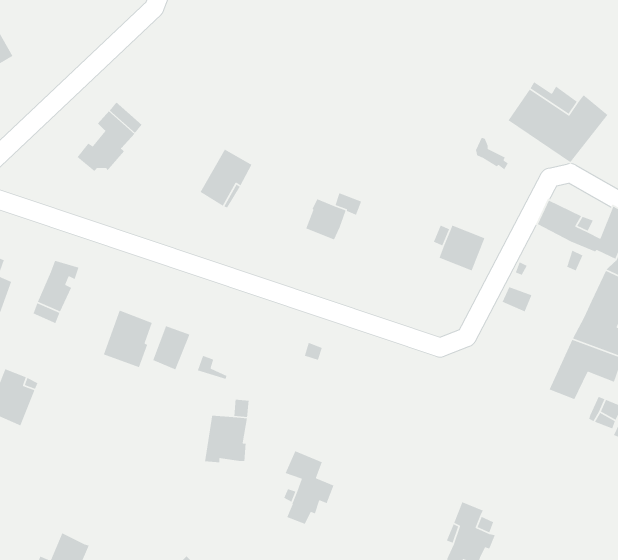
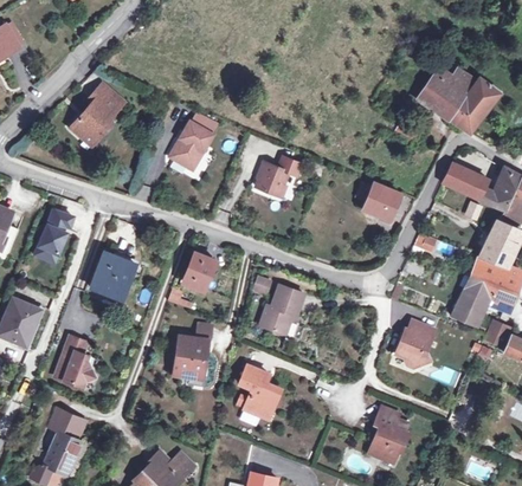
building: [152,325,190,371] -> [185,252,215,289]
building: none -> [260,285,304,337]
building: none -> [395,320,434,368]
building: none -> [53,332,94,384]
building: none -> [50,407,86,440]

